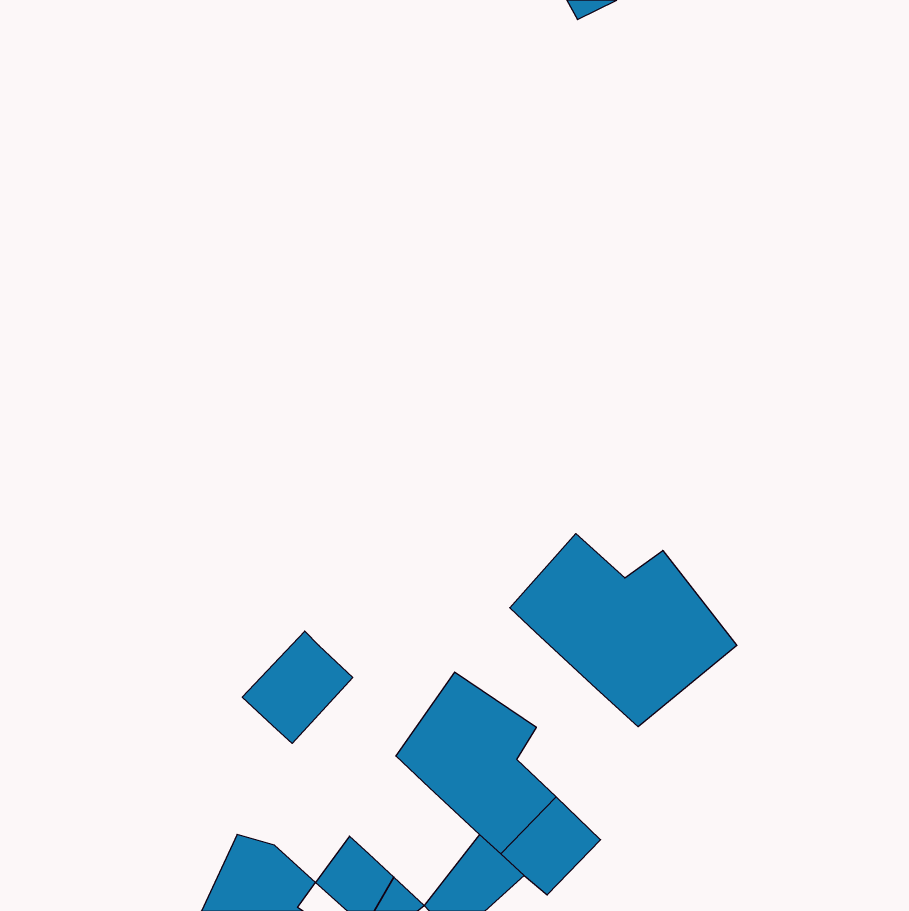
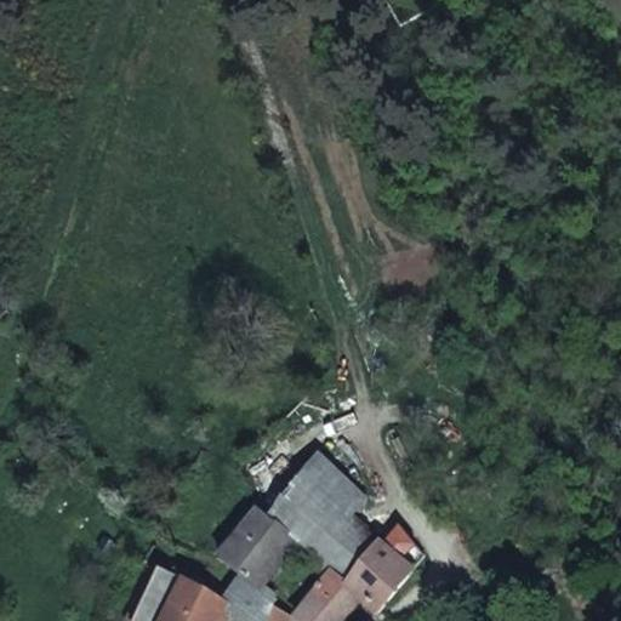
building: [510,534,737,727] -> none
building: [242,631,353,743] -> [218,505,294,581]

